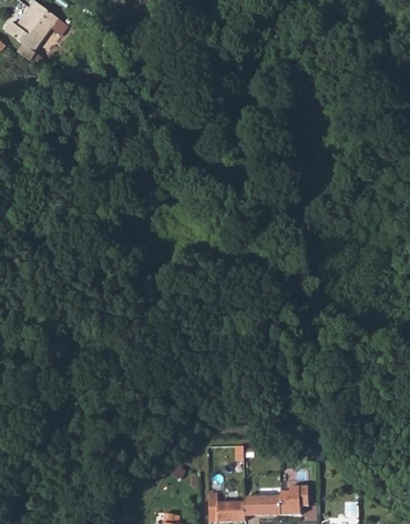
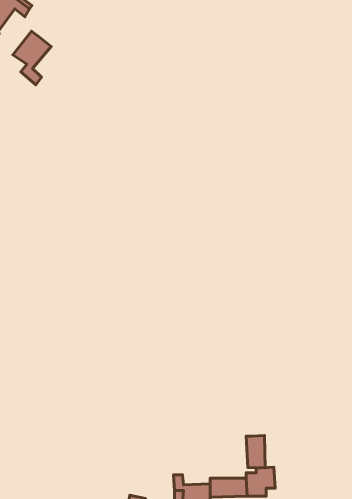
building: none -> [13,31,51,85]
building: none -> [246,435,265,468]

